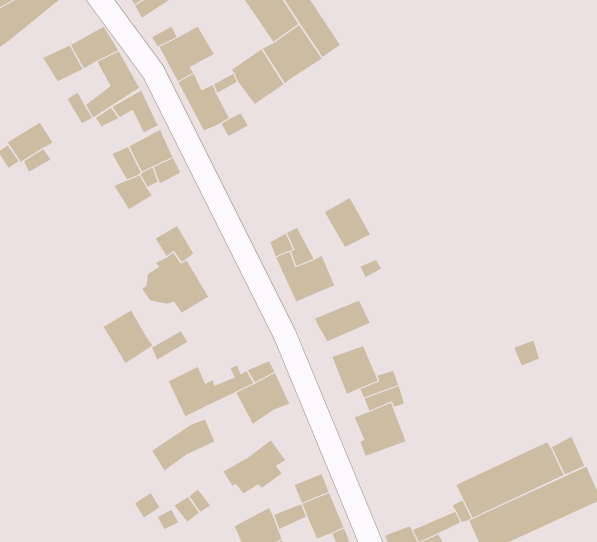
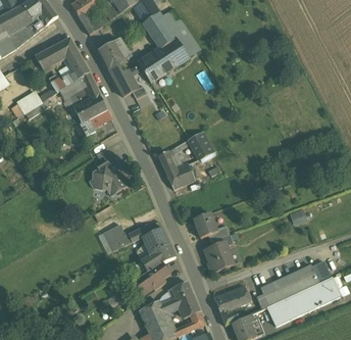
building: [314,300,371,342] -> none
building: [102,309,154,364] -> none
building: [151,419,215,472] -> [140,244,174,273]
building: none -> [212,285,249,311]

